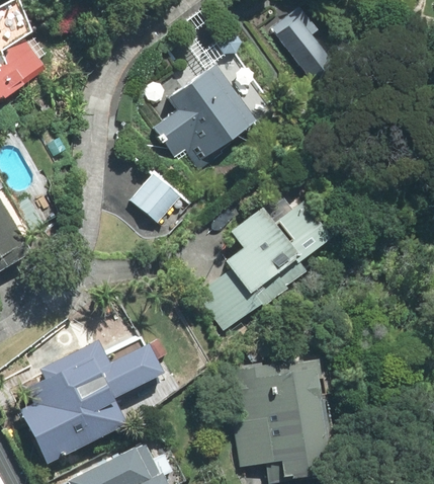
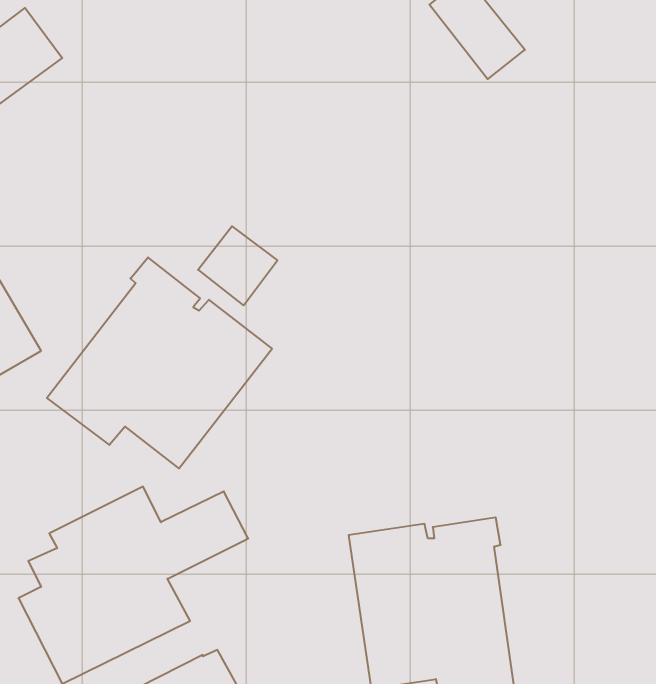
building: [154,65,258,171] -> none
building: none -> [47,257,272,468]
building: [196,198,331,330] -> none

